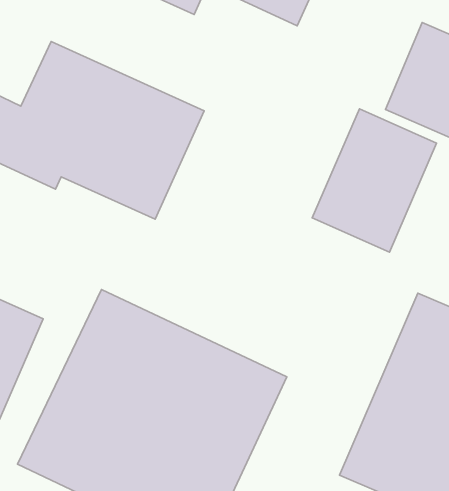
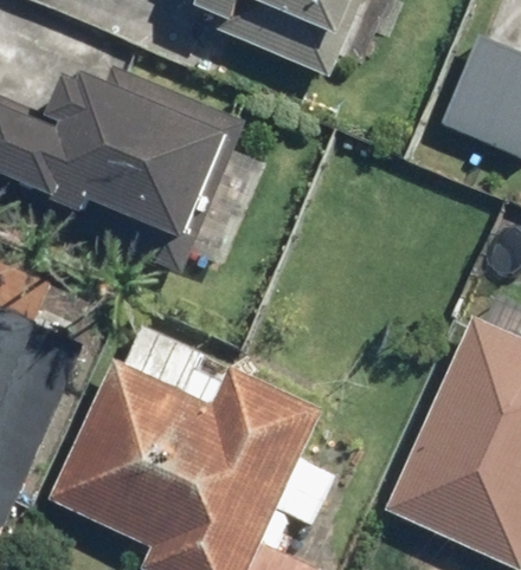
building: [312,109,437,252] -> none

